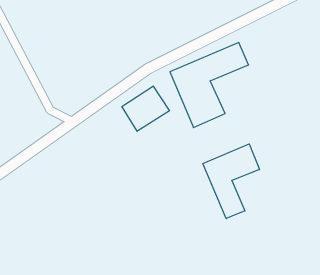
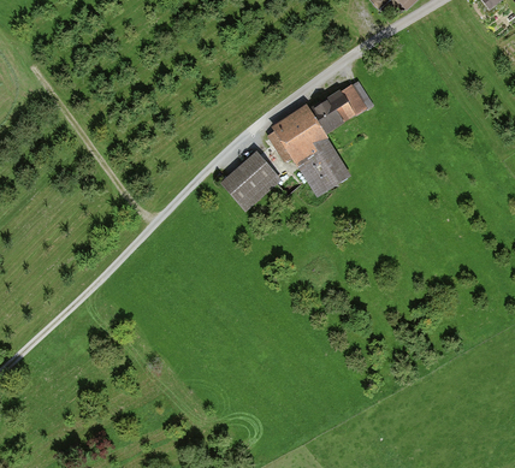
building: [203,144,259,219] -> none

